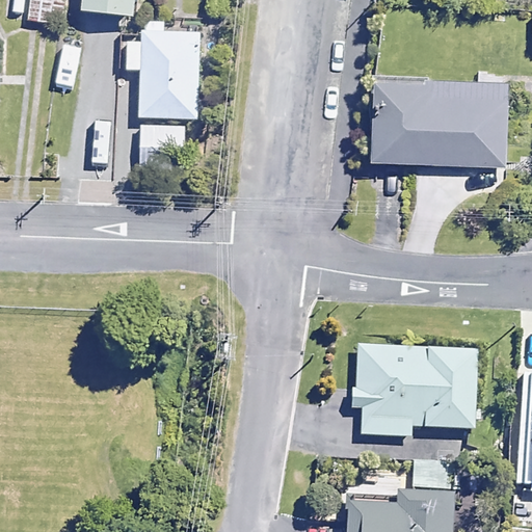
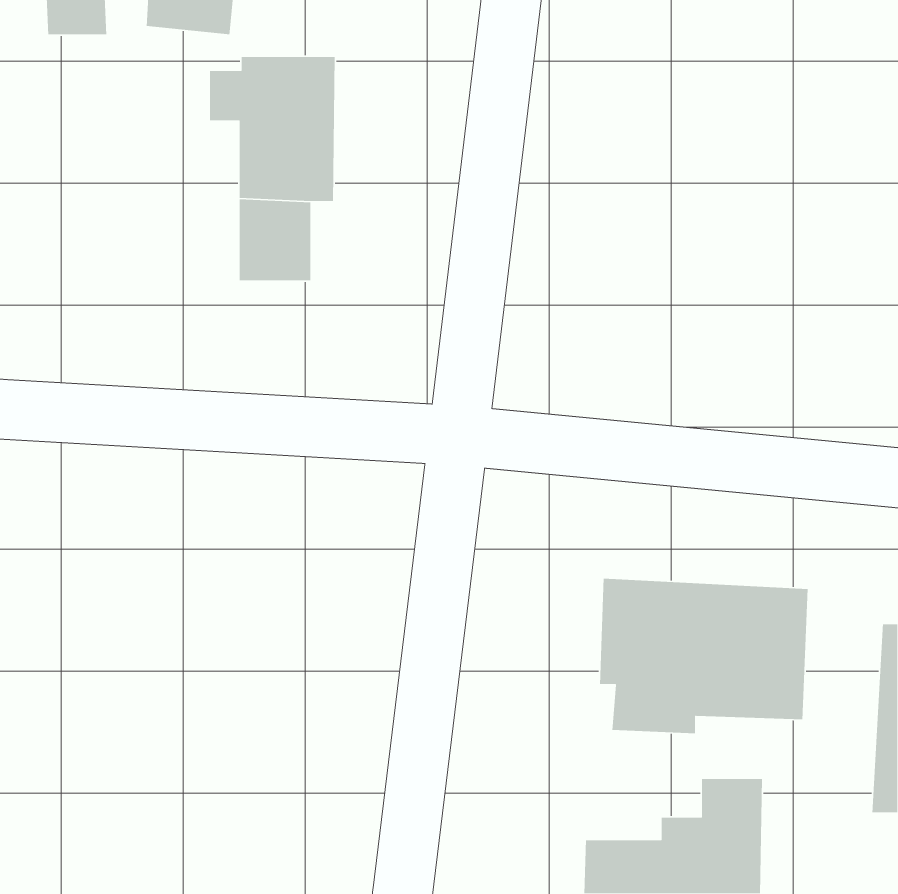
building: [370,77,515,168] -> none

